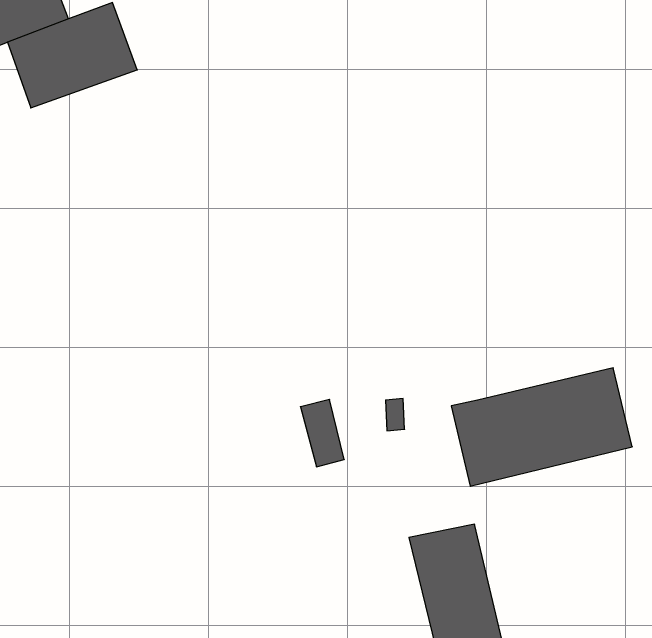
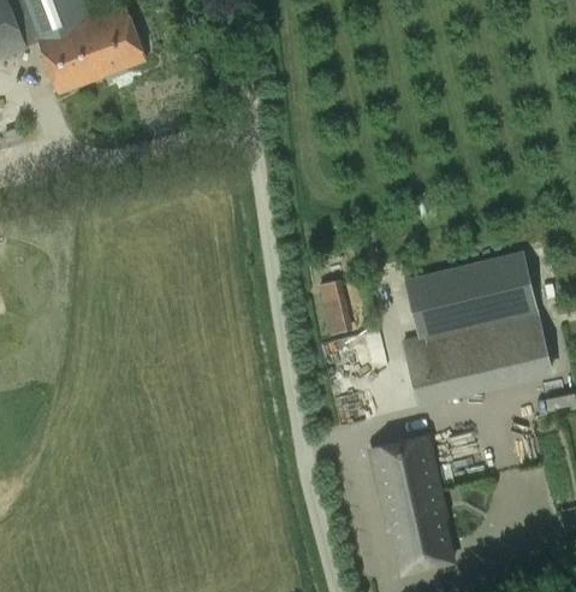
building: none -> [410,243,538,333]
building: [300,399,344,467] -> [317,279,354,335]

